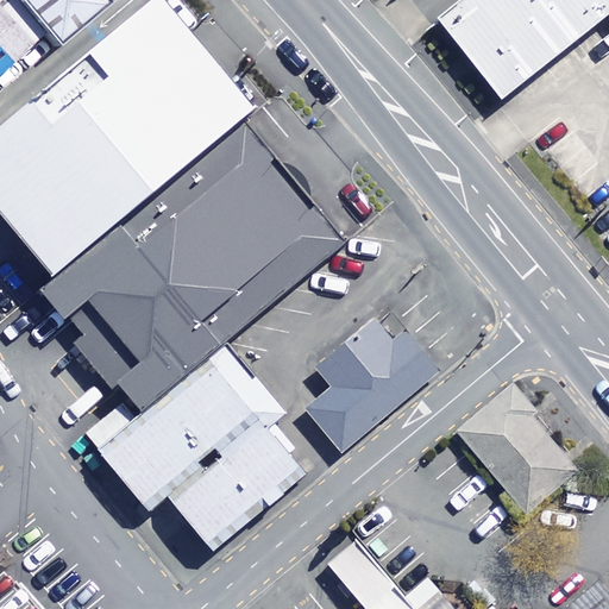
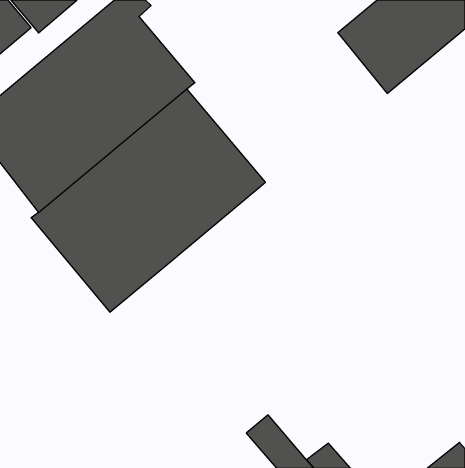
building: [303,314,439,450] -> none
building: [95,339,307,550] -> none
building: [457,391,575,520] -> none

